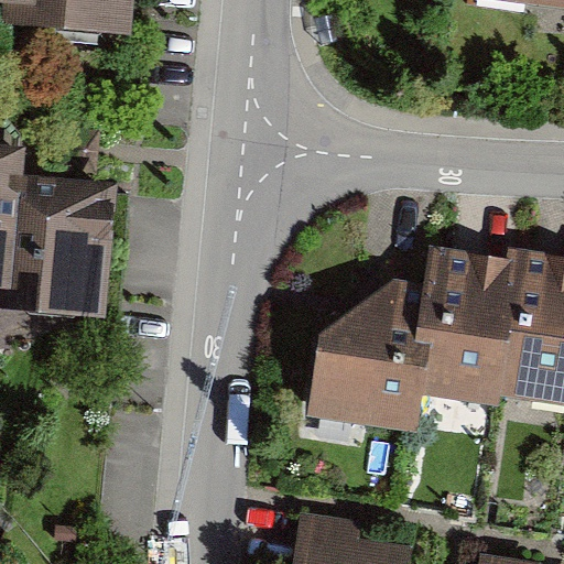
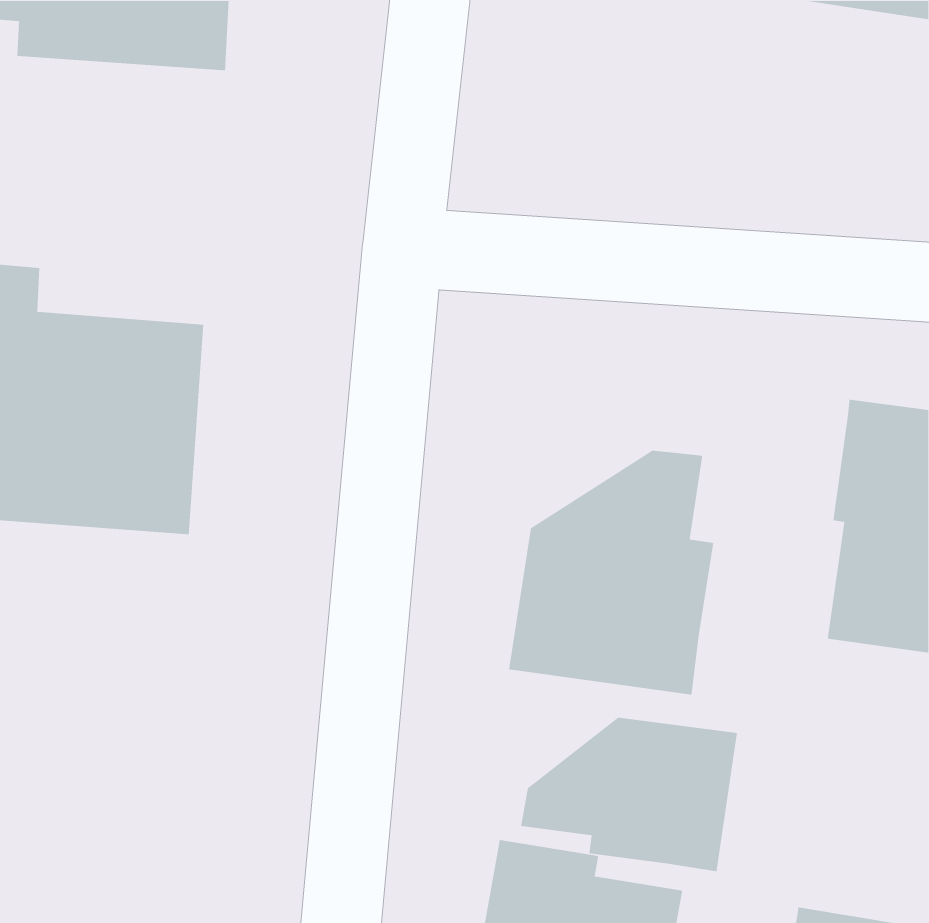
building: [417,243,512,400] -> none
building: none -> [520,717,738,872]

